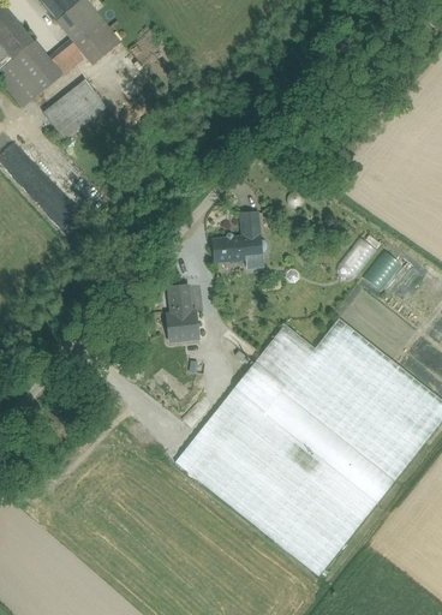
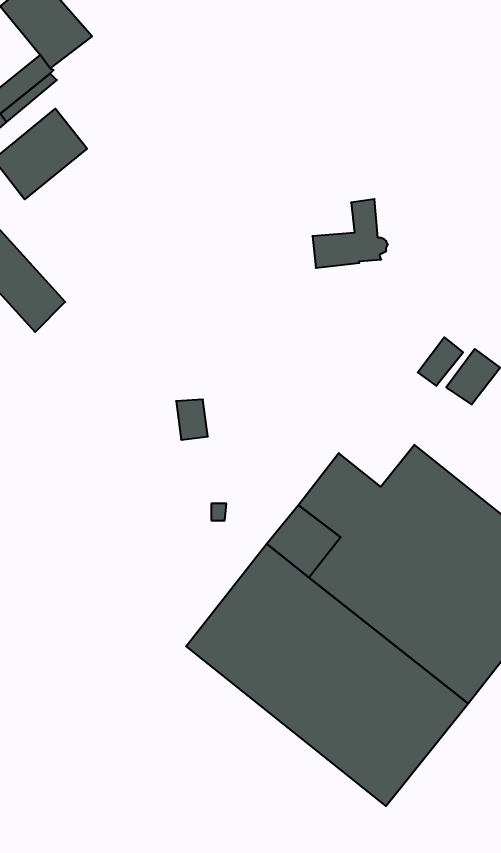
building: [78,26,120,65] -> none
building: [213,213,267,262] -> [312,199,388,268]
building: [167,312,198,341] -> none

